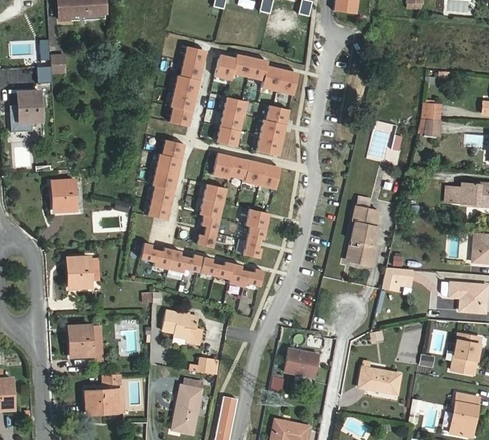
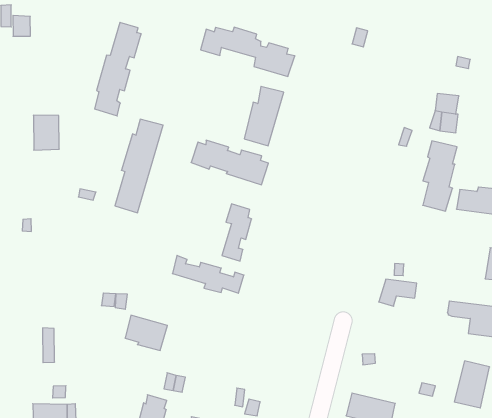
building: [169,46,206,127] -> [95,22,141,116]
building: [218,98,248,146] -> none
building: [51,180,75,211] -> [33,115,59,150]
building: [196,184,226,247] -> none
building: [350,205,378,266] -> [423,141,457,211]
building: [139,242,201,272] -> none
building: [67,257,91,287] -> none
building: [68,325,92,356] -> none
building: [284,348,319,377] -> none

